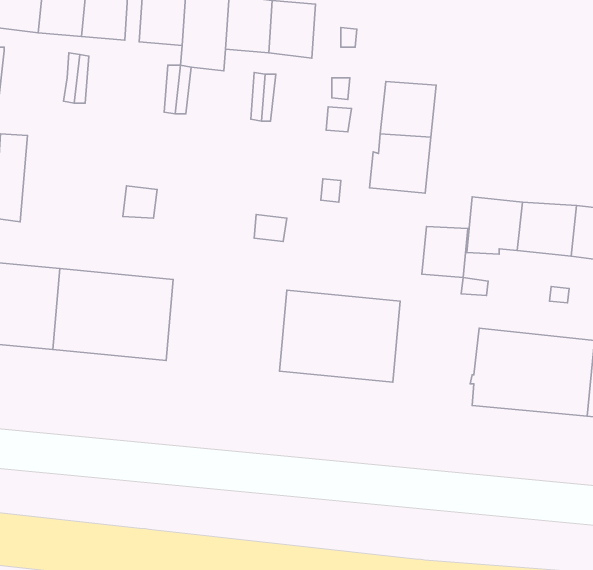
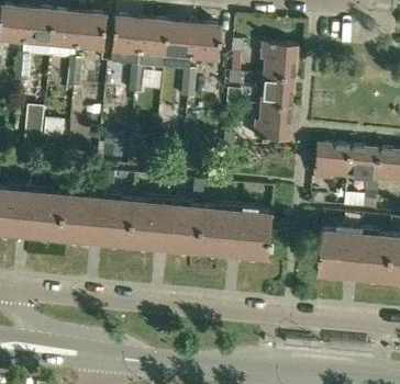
building: none -> [260,45,296,78]
building: [422,227,468,278] -> none
building: none -> [129,196,202,252]

